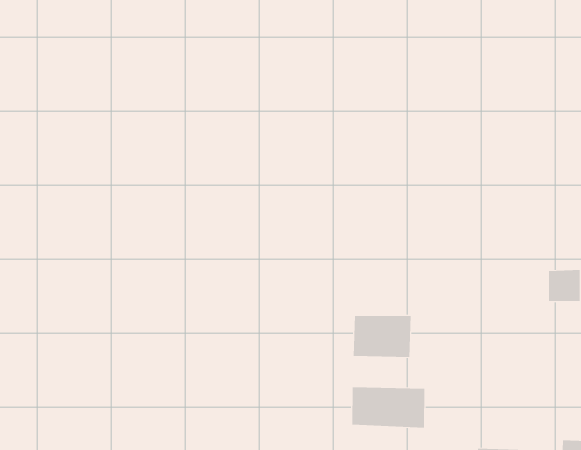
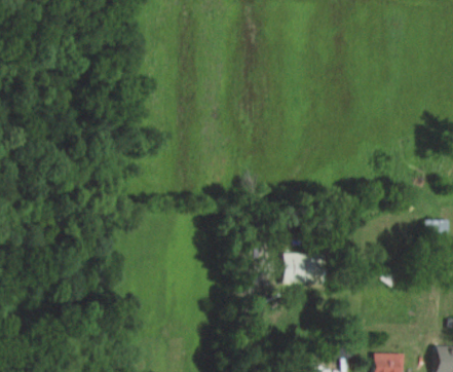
building: [352,386,425,428] -> none

